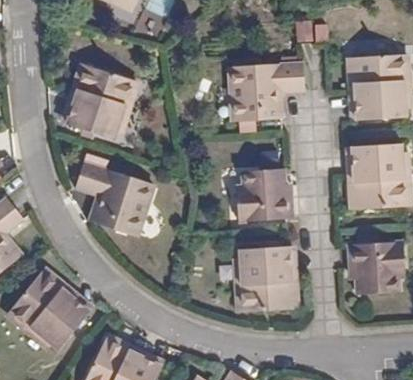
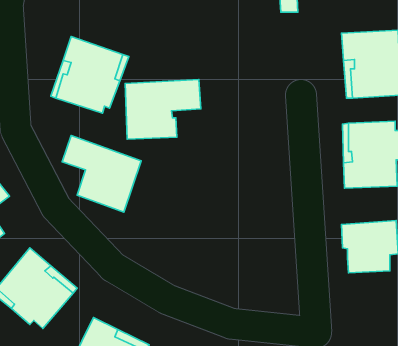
building: [231,59,306,118] -> [125,79,201,139]
building: [235,170,291,221] -> none
building: [233,246,295,313] -> none

